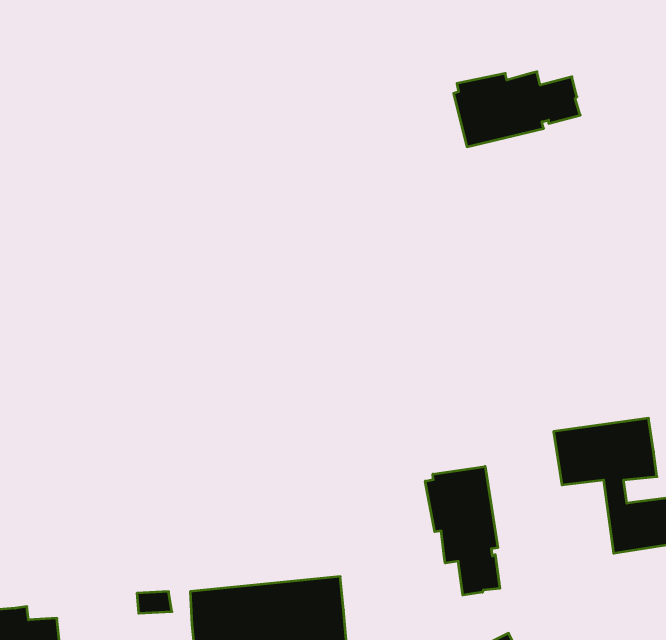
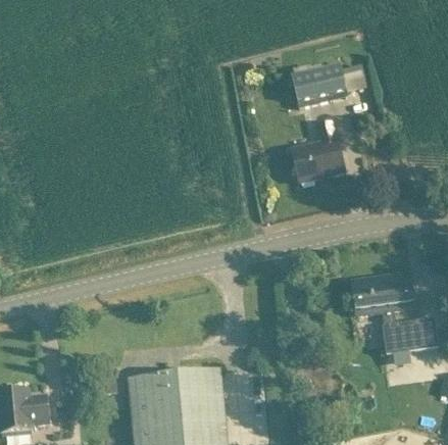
building: none -> [291,121,345,183]
building: [425,466,500,595] -> none

